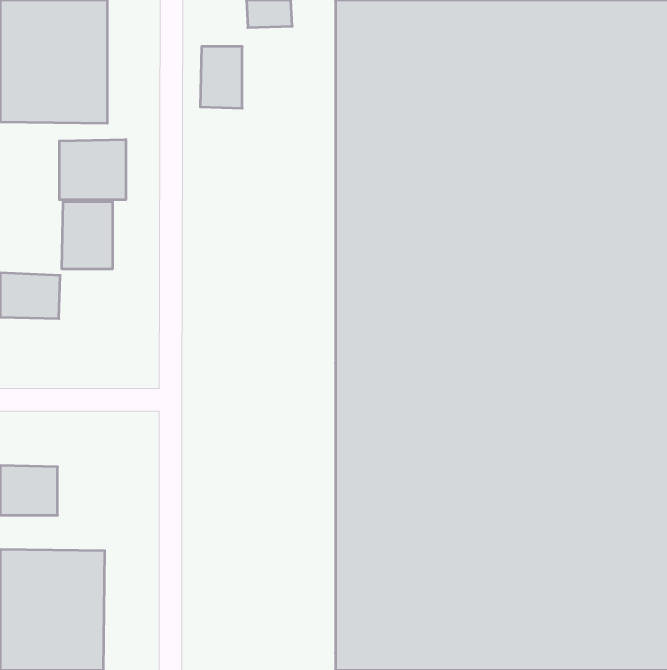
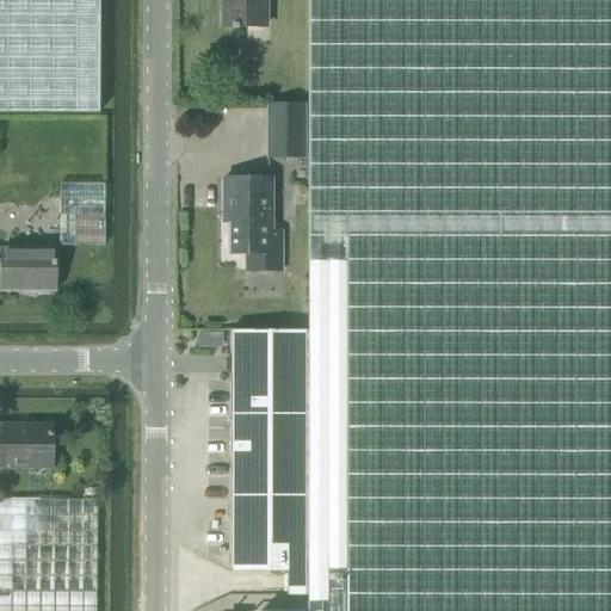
building: [200,47,242,108] -> [267,103,306,159]
building: [59,139,126,200] -> none
building: none -> [223,180,284,272]
building: none -> [232,331,308,594]

